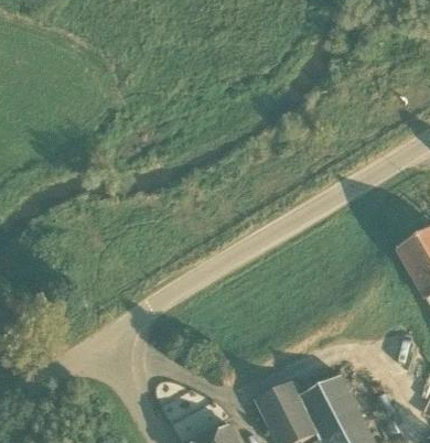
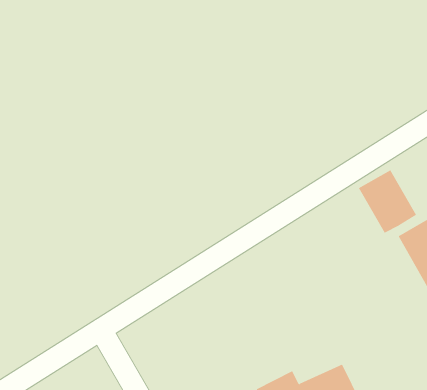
building: none -> [358,169,417,234]

